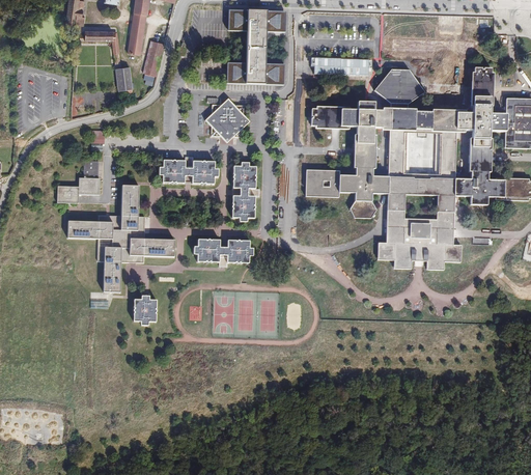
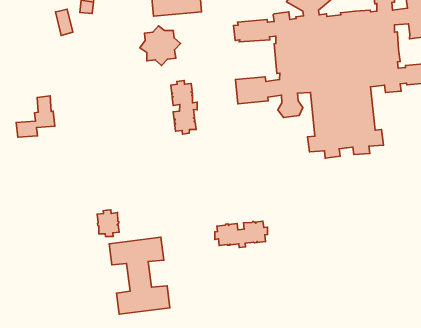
building: [159,156,218,184] -> none
building: [67,184,174,291] -> none
building: [193,238,253,266] -> [215,221,268,248]
building: none -> [109,237,170,314]

